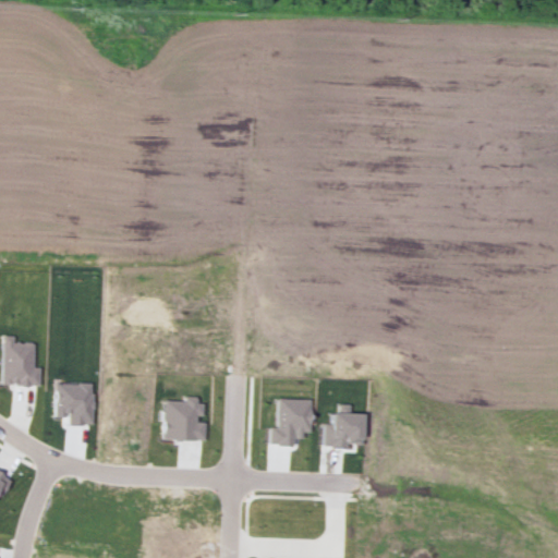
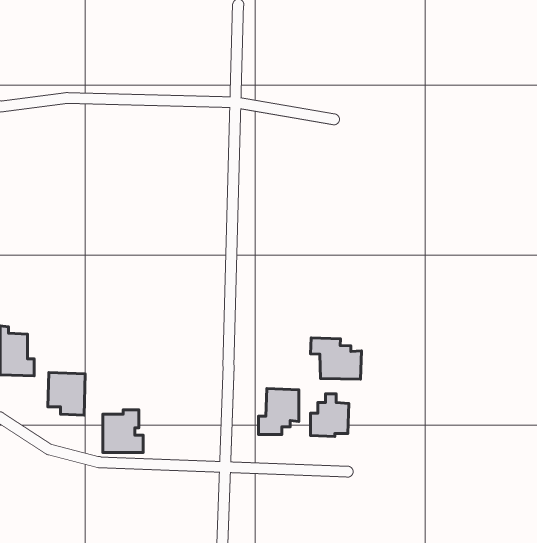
building: none -> [311,338,361,379]
building: [166,397,207,440] -> [103,410,143,452]

